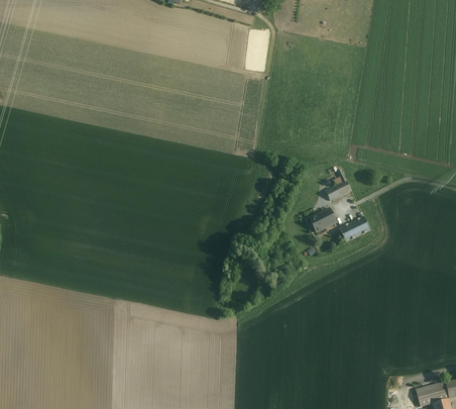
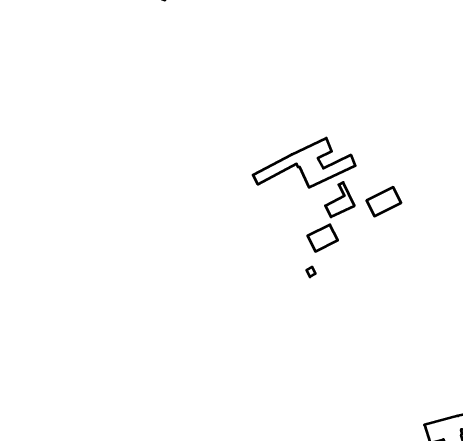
building: none -> [253,138,355,187]
building: [339,215,370,241] -> [367,187,401,216]

